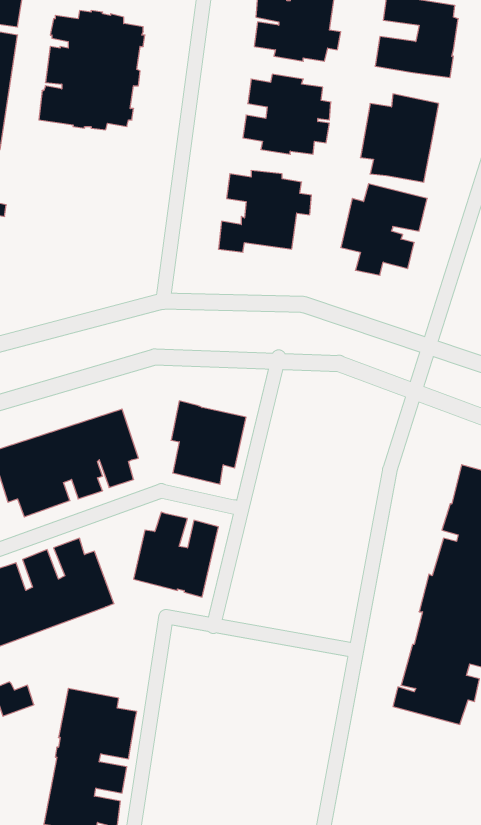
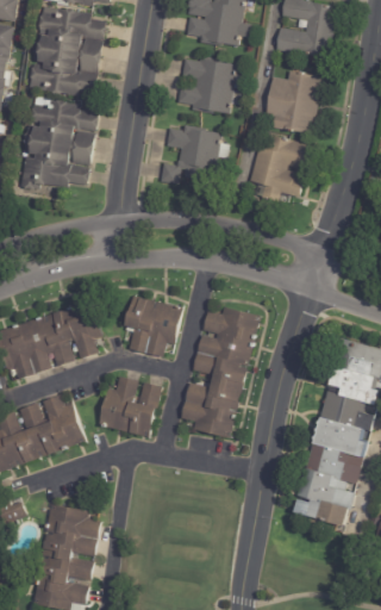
building: none -> [21,95,101,189]
building: none -> [182,305,261,436]

